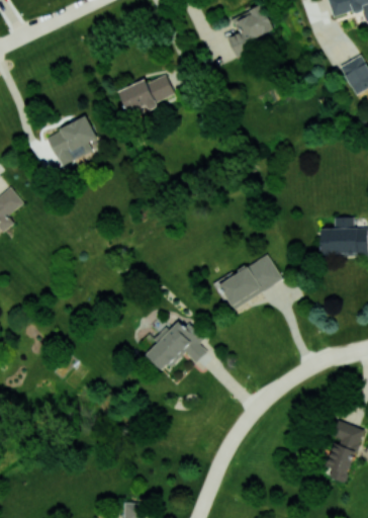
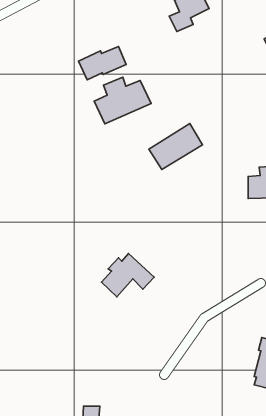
building: none -> [94,77,151,124]
building: [47,116,97,166] -> none
building: [218,254,282,309] -> [149,124,202,169]

